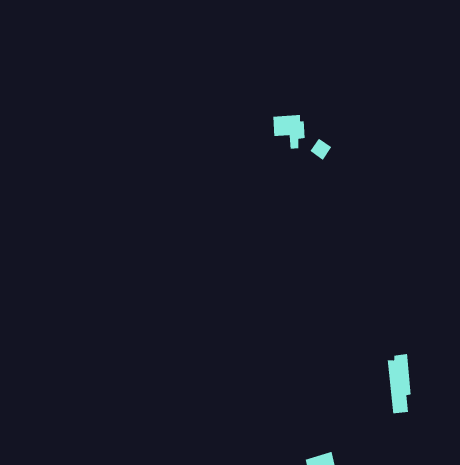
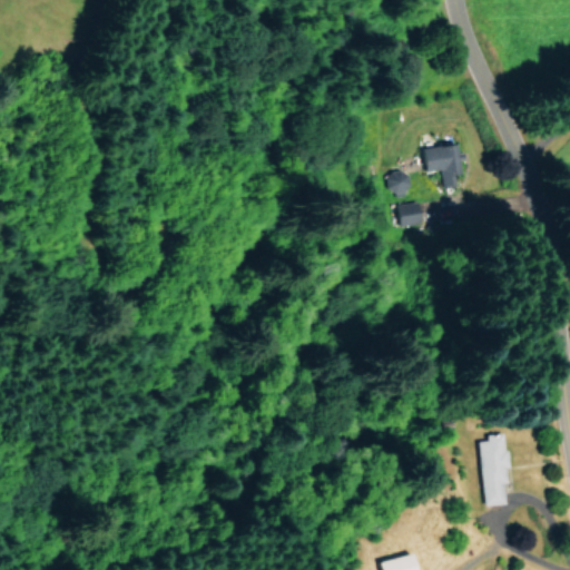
building: [273,115,305,149] -> [423,145,463,187]
building: none -> [397,203,423,229]

